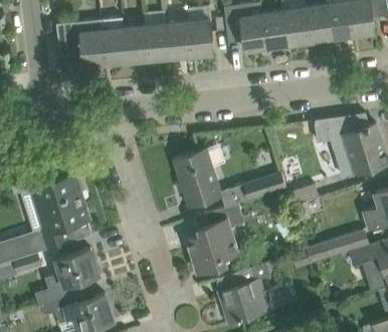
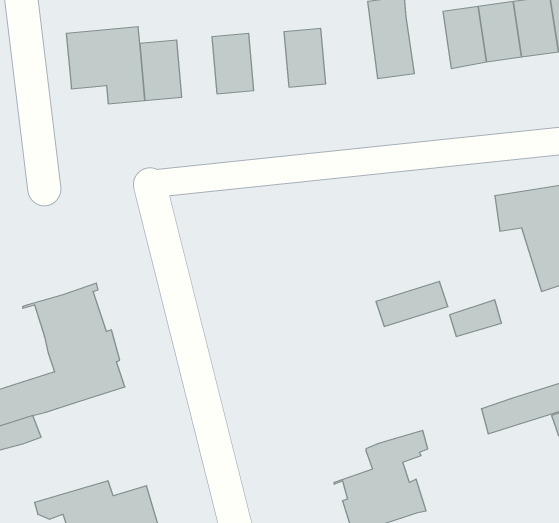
building: [261,10,288,47] -> none
building: [167,22,191,57] -> none
building: [124,25,148,61] -> none
building: [174,148,221,206] -> none
building: [187,203,241,272] -> none
building: [35,248,100,304] -> none

